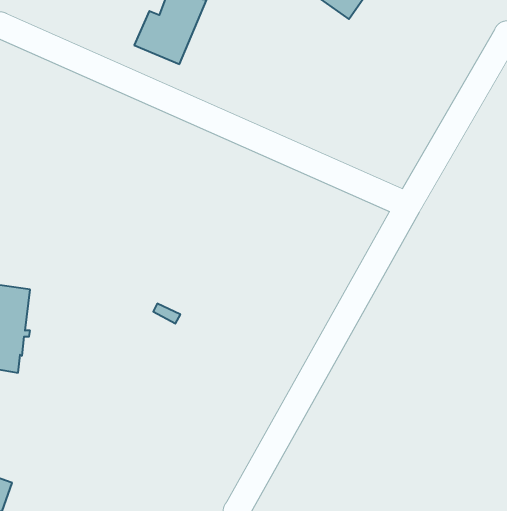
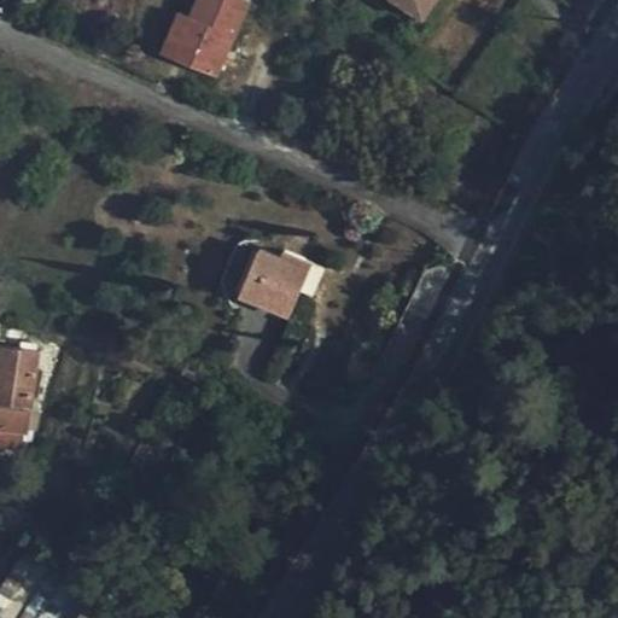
building: none -> [214,234,309,317]

